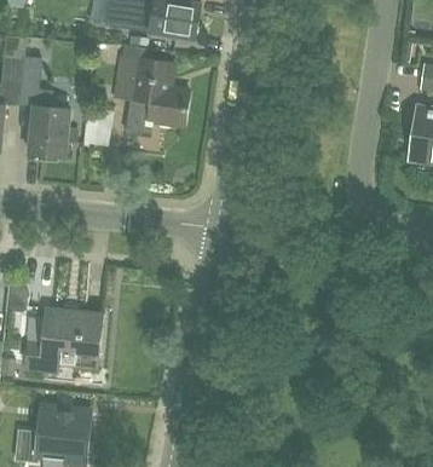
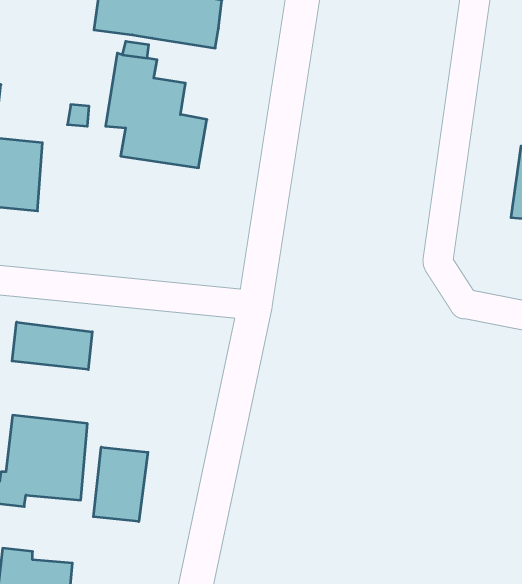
building: none -> [12,322,92,370]
building: none -> [93,447,148,522]

